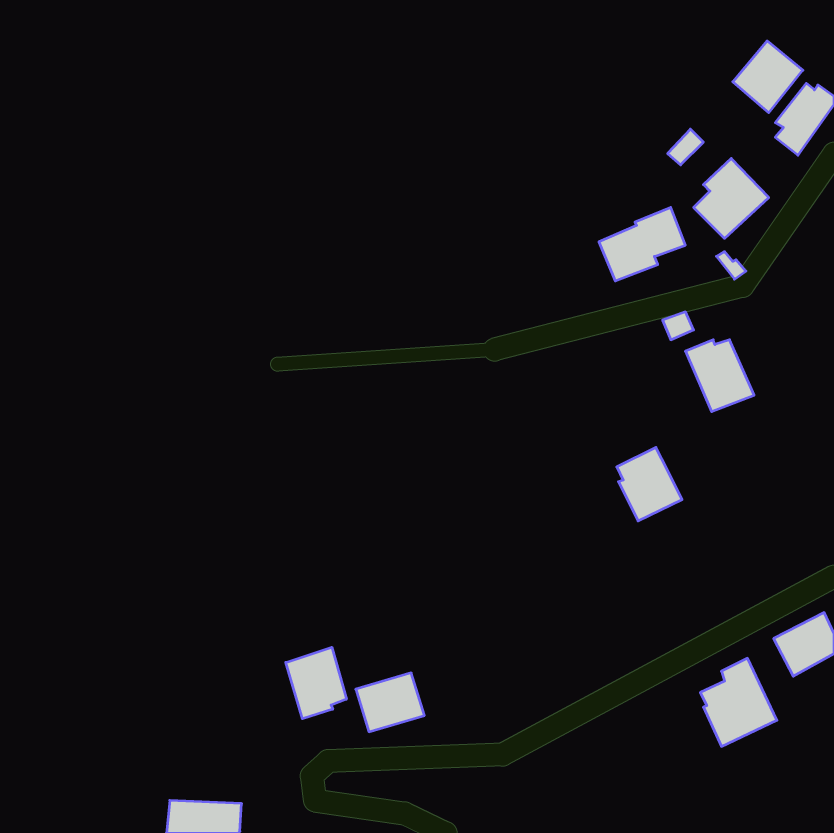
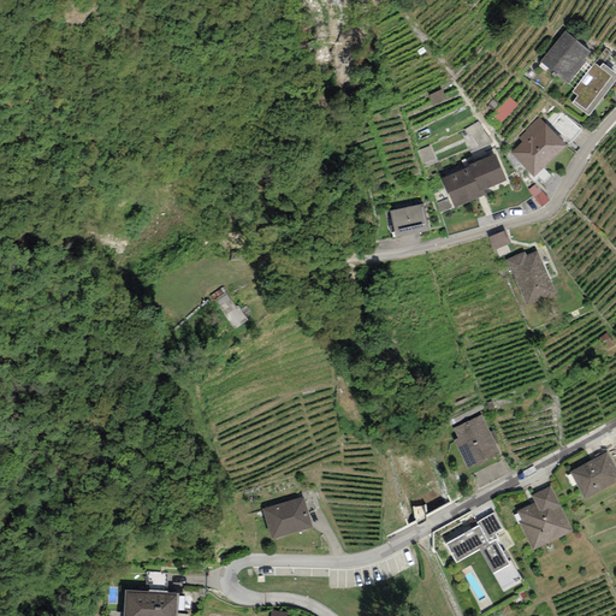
building: none -> [390,202,430,237]
building: [617,447,682,521] -> [452,414,500,468]
building: [286,647,346,719] -> none
building: none -> [445,513,522,590]

